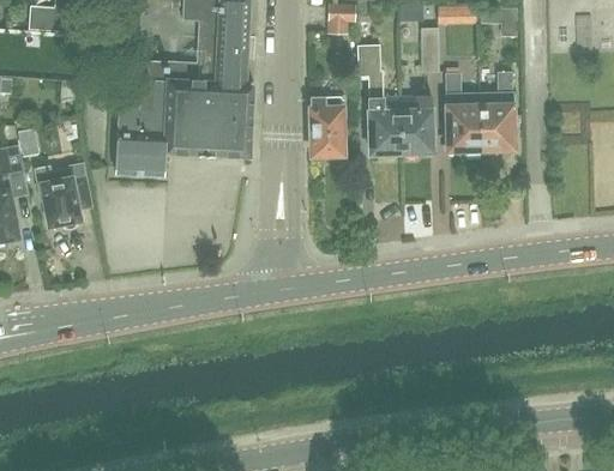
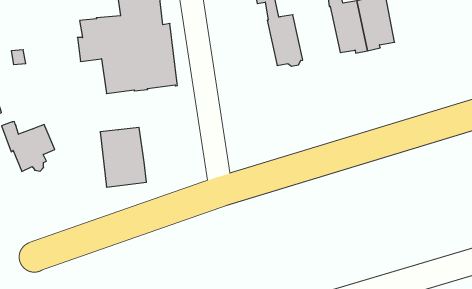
building: [311,80,343,153] -> none
building: [399,95,433,156] -> none
building: [115,107,165,175] -> [100,127,146,187]

